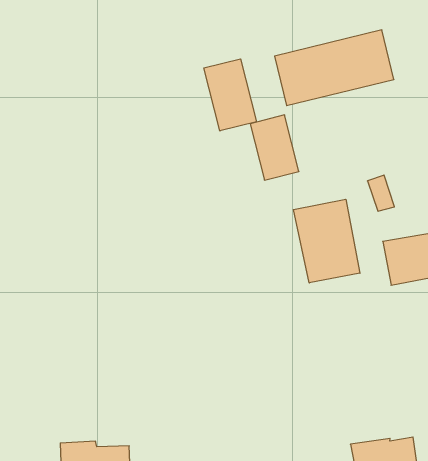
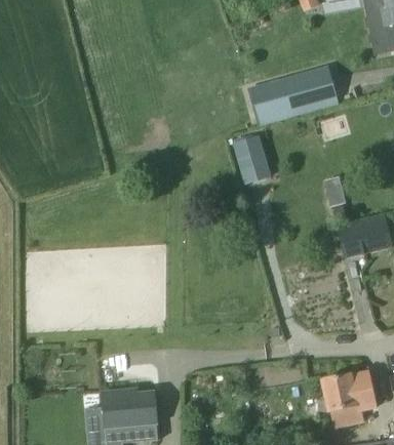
building: [204,59,256,131] -> none
building: [293,199,360,283] -> none

